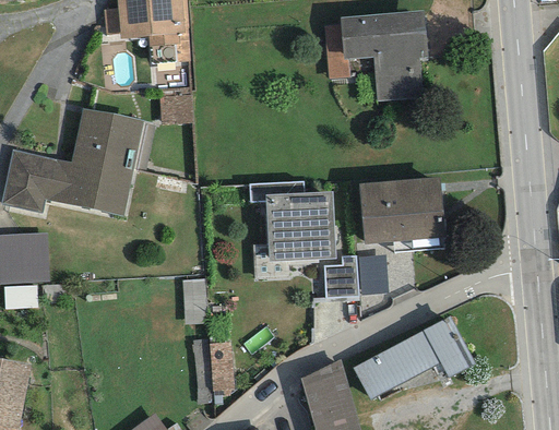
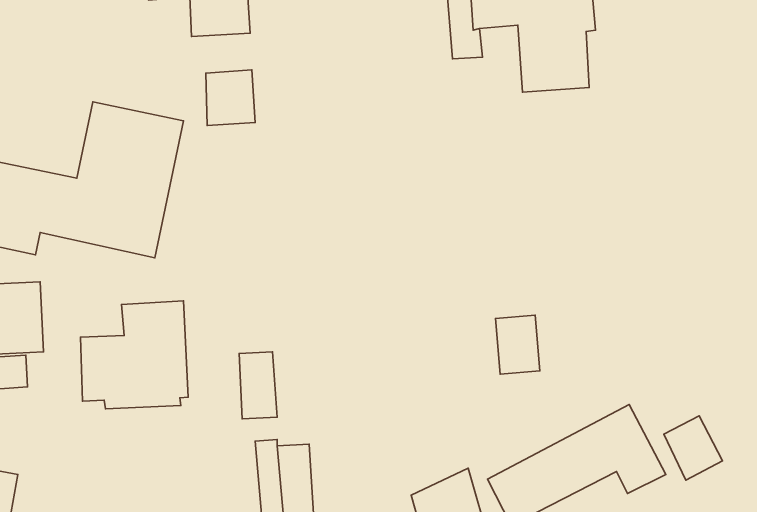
building: [359,177,444,244] -> none
building: [249,182,336,262] -> none
building: none -> [80,301,188,409]
building: [323,256,358,299] -> none
building: none -> [664,416,723,480]

